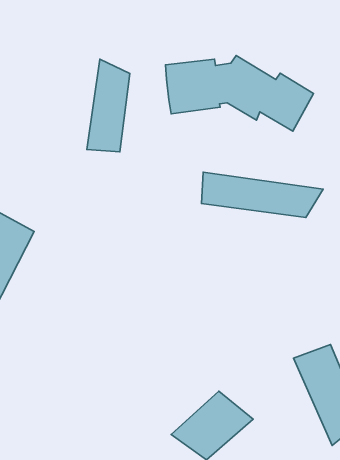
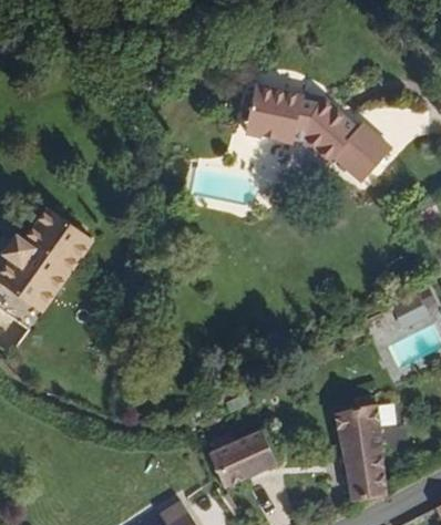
building: [87,59,130,152] -> none
building: [202,172,323,217] -> none

